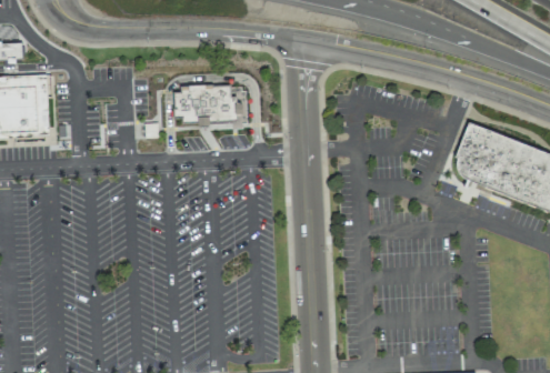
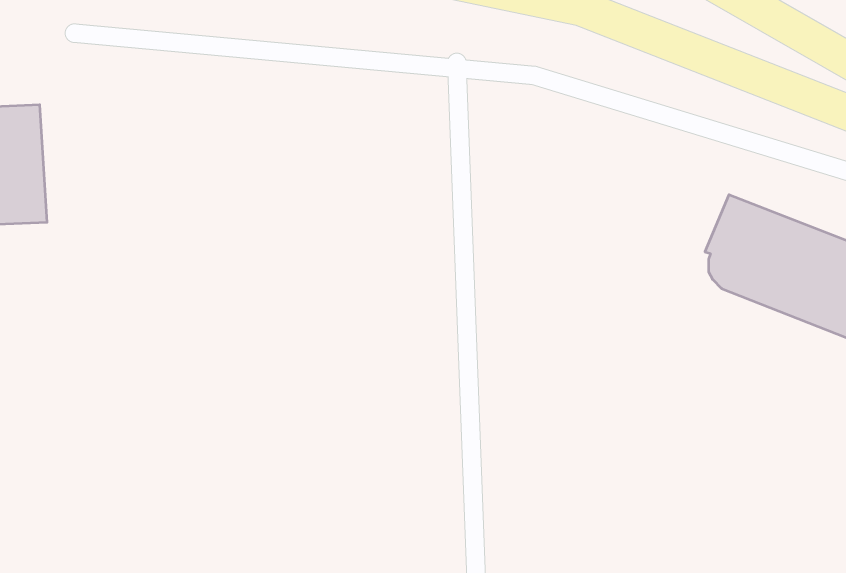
building: [172,85,243,123] -> none

